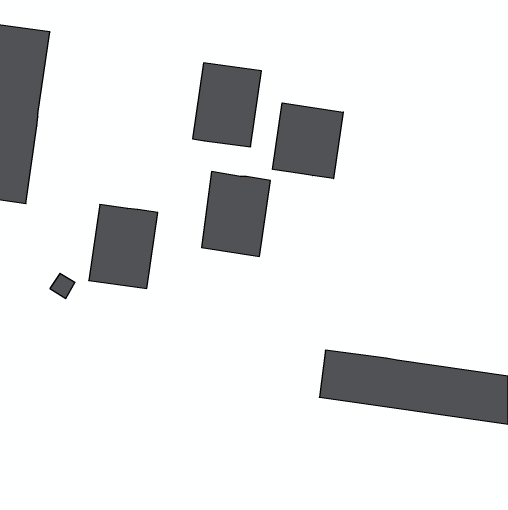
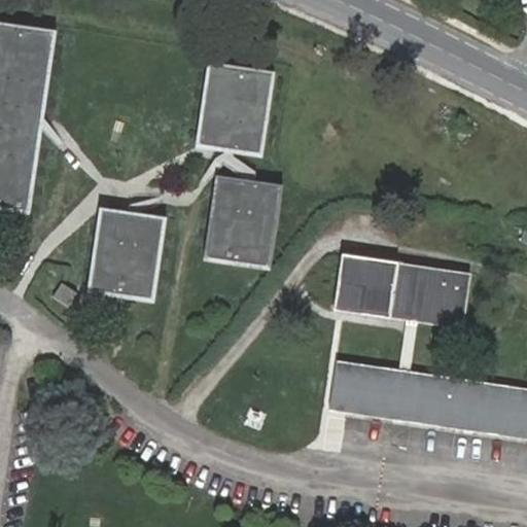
building: [273,103,343,179] -> none
building: none -> [335,251,472,325]

